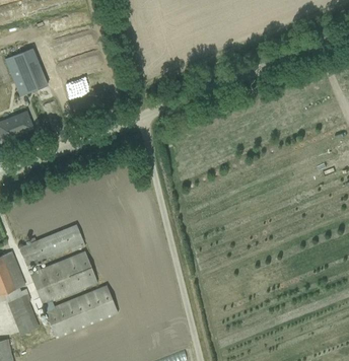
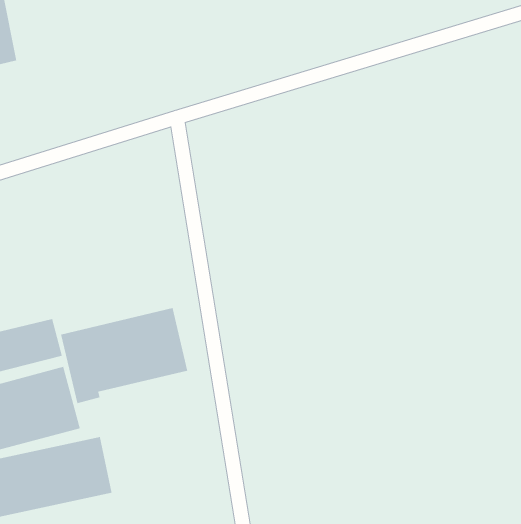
building: none -> [60,307,188,404]

